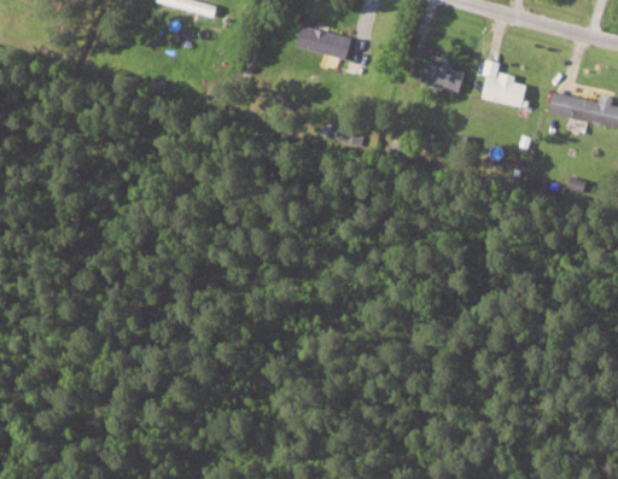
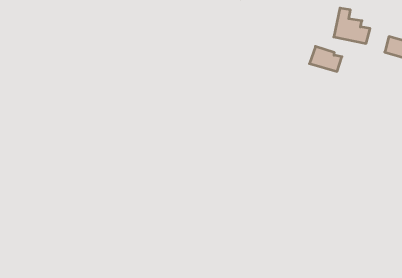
building: [421,59,465,90] -> [309,46,342,71]

